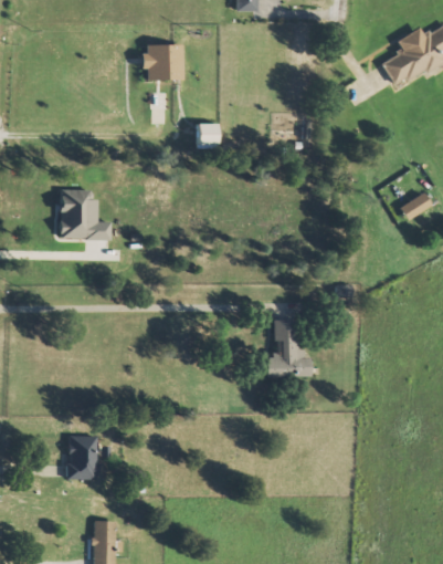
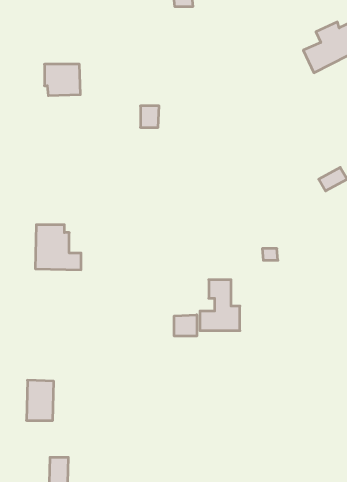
building: [141,44,182,80] -> [44,64,80,96]
building: [57,189,109,240] -> [35,225,81,270]
building: none -> [174,315,197,336]

